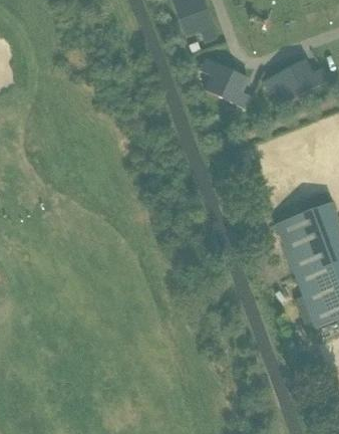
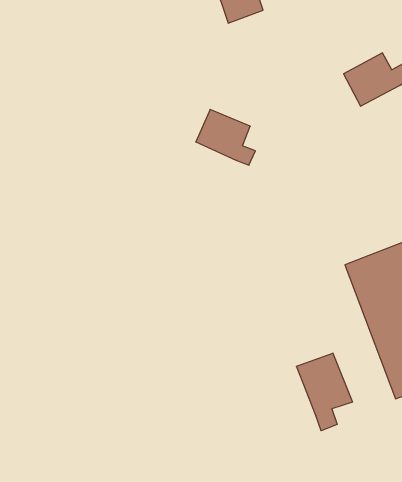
building: [207,64,253,107] -> [196,109,255,165]
building: none -> [296,353,353,431]

